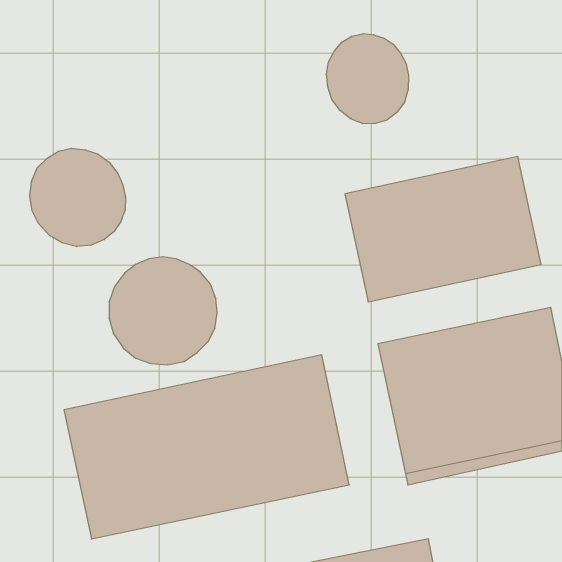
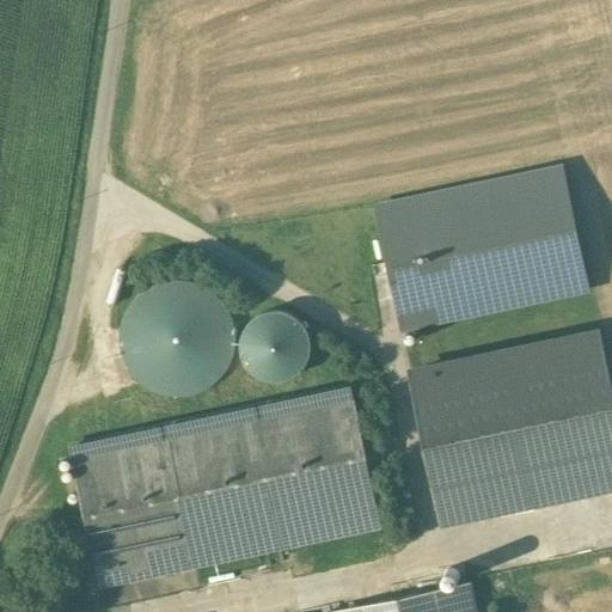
building: [326,34,409,124] -> none
building: [30,148,125,247] -> none
building: none -> [239,312,310,382]

